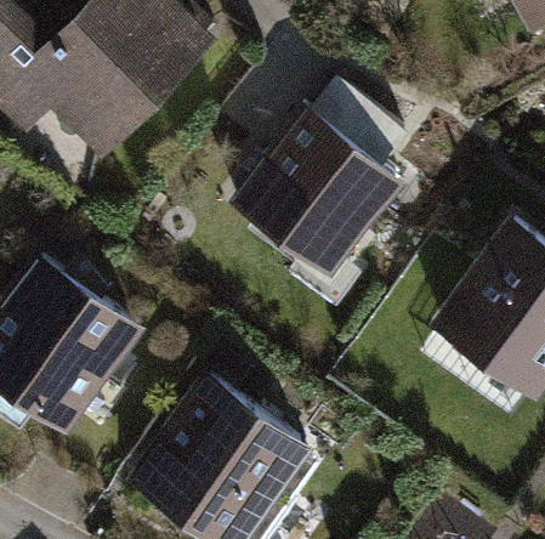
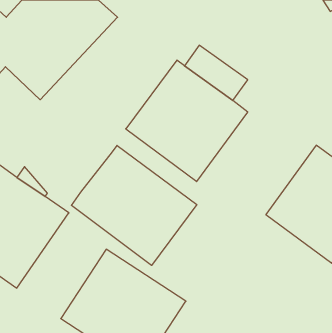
building: none -> [71,145,197,265]

